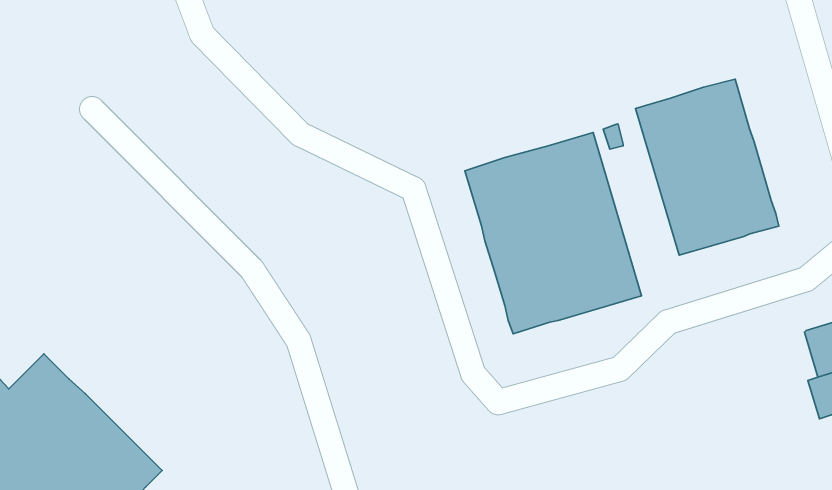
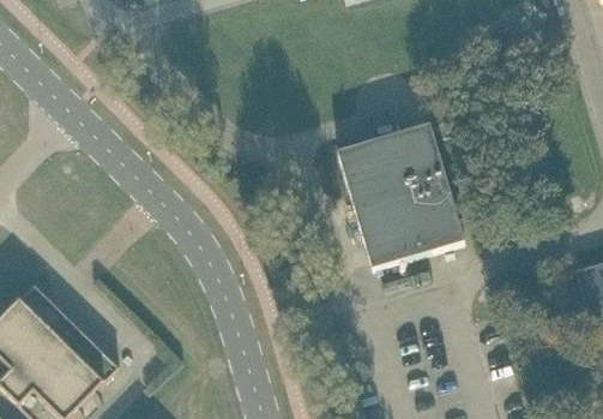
building: [636,79,779,255] -> none

